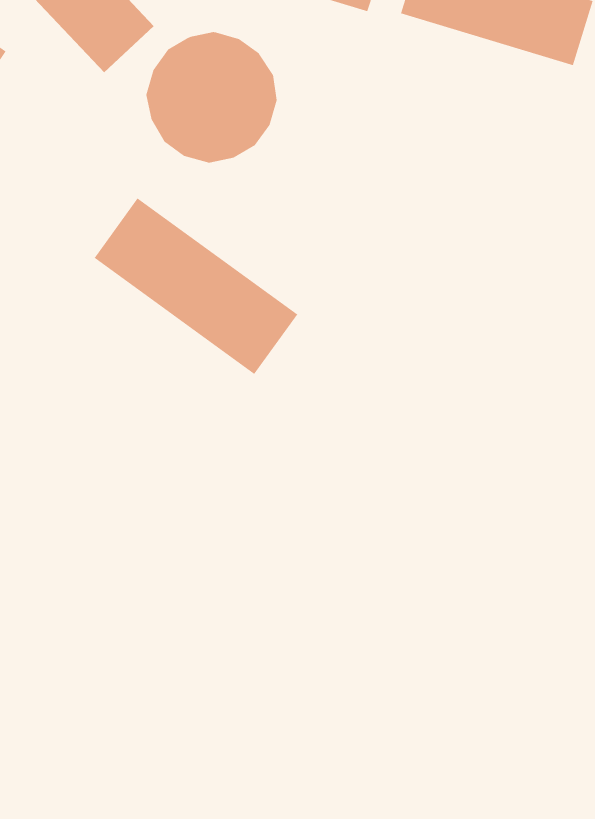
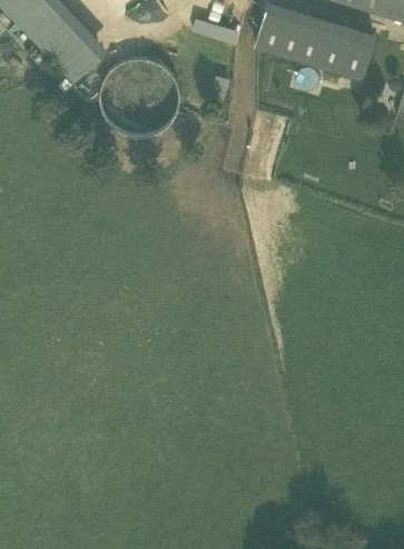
building: [94,197,298,375] -> none

